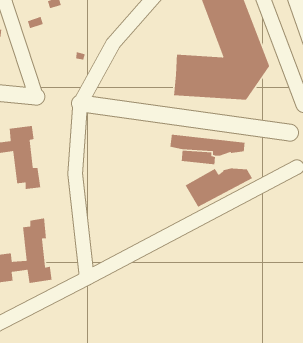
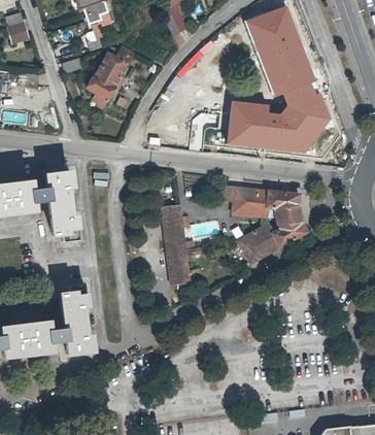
building: none -> [87,48,133,108]
building: none -> [163,203,190,287]
building: none -> [274,205,304,225]

